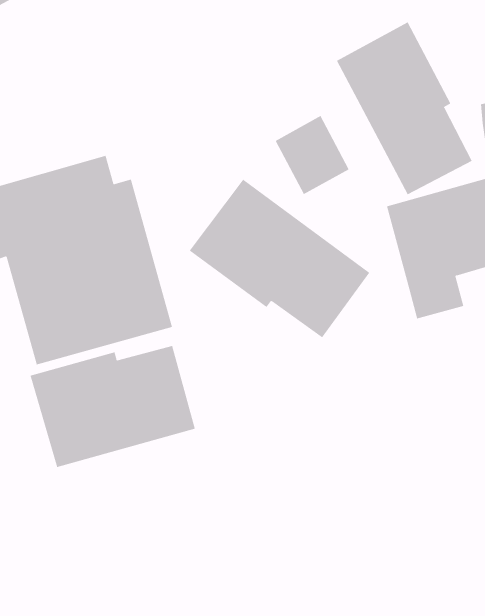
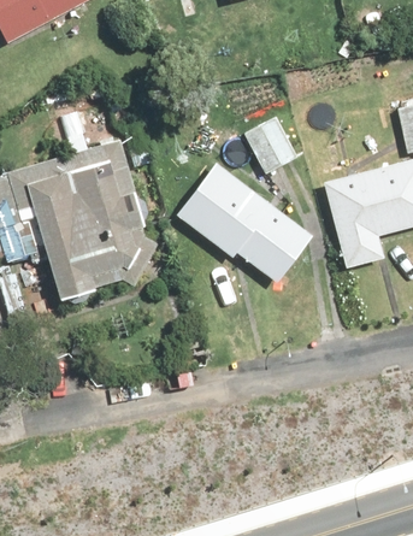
building: [336,22,472,195] -> none
building: [30,345,196,468] -> none

